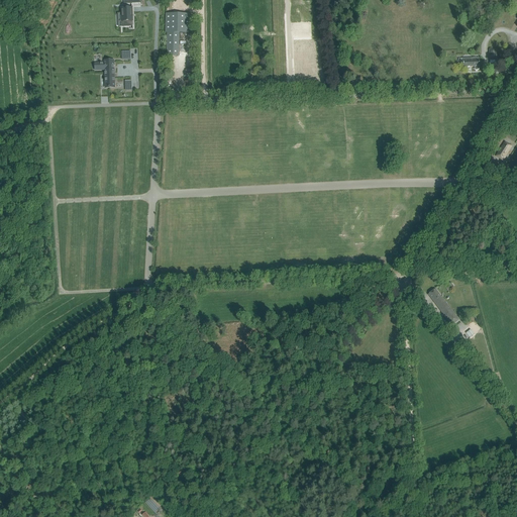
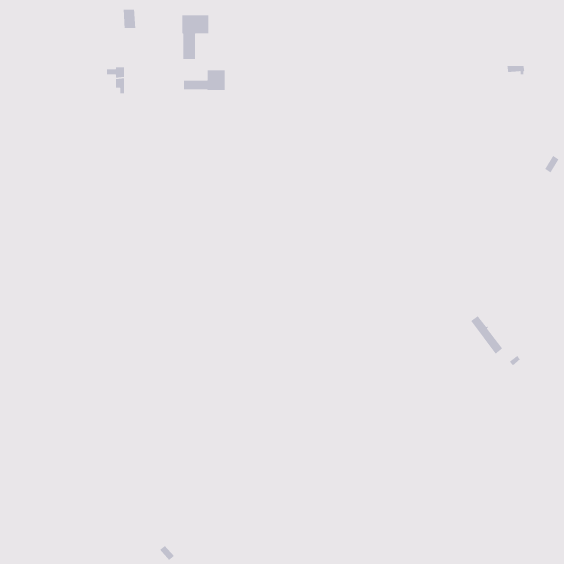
building: none -> [183,69,225,91]

